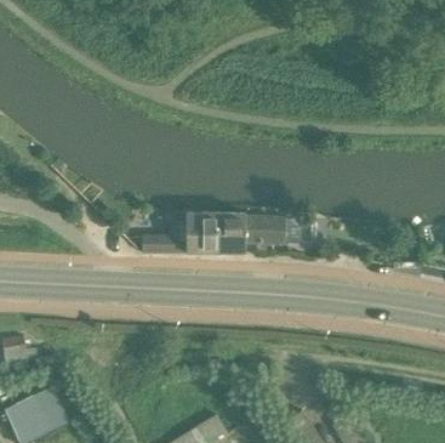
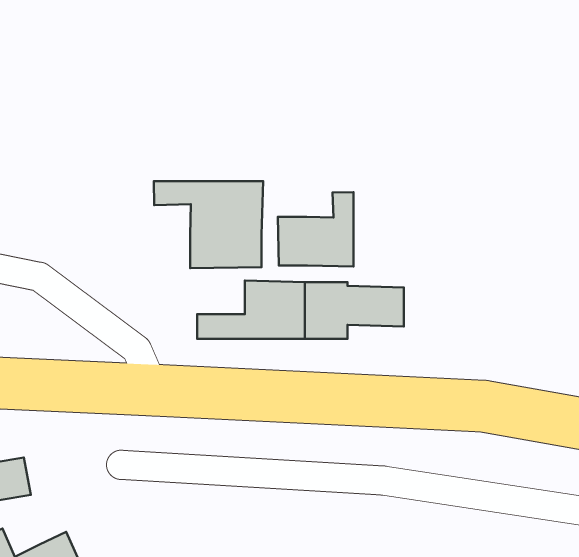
building: none -> [154,181,263,268]
building: none -> [278,192,353,267]

